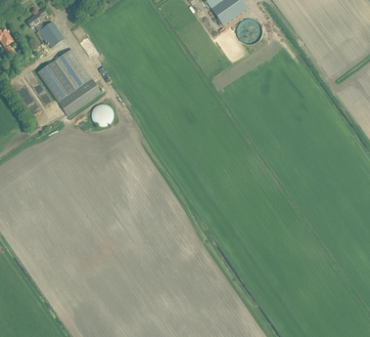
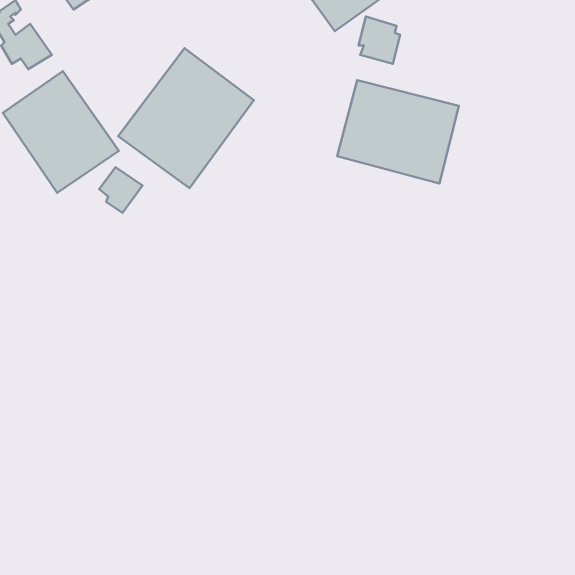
building: none -> [118,48,254,188]
building: none -> [337,80,459,183]

